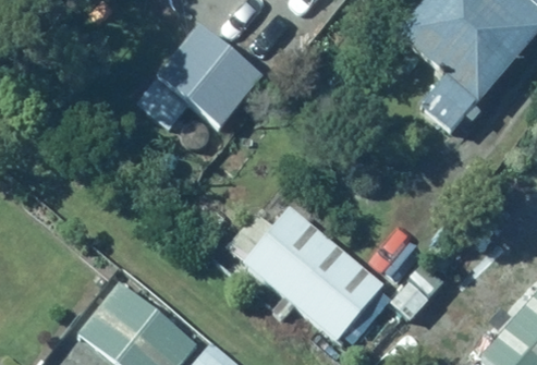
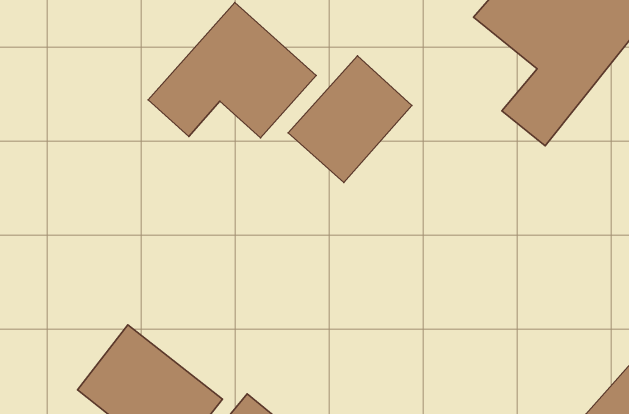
building: none -> [288,56,412,182]
building: [229,209,389,345] -> none

